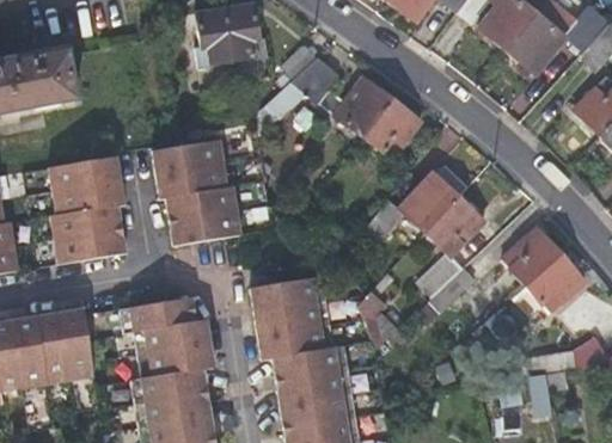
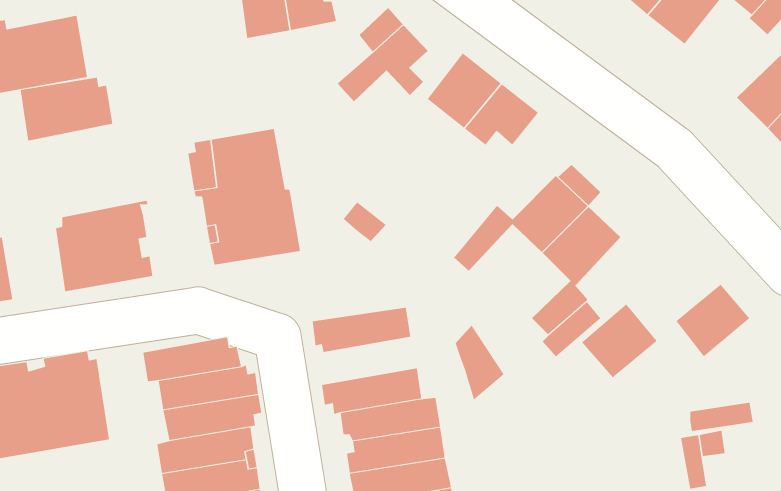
building: [50,158,122,207] -> [20,77,113,141]
building: [504,229,563,287] -> [581,304,657,378]
building: [252,299,330,336] -> none

